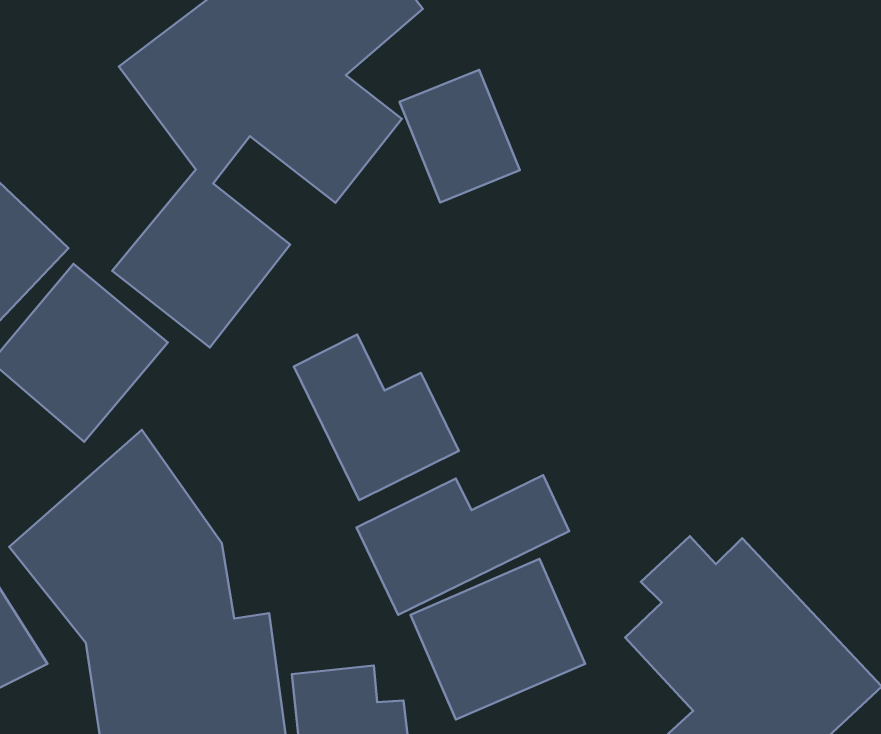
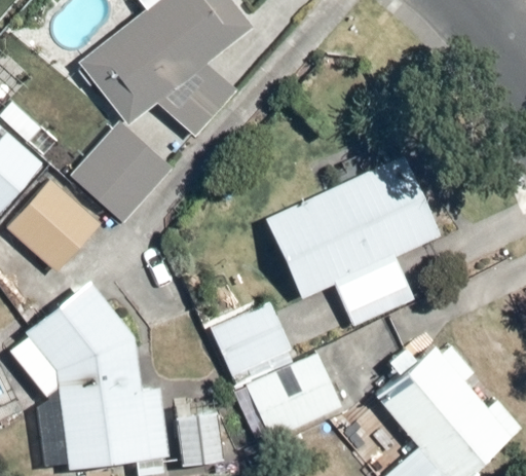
building: [400,70,520,202] -> none
building: none -> [262,156,440,331]
building: [294,335,459,500] -> none

